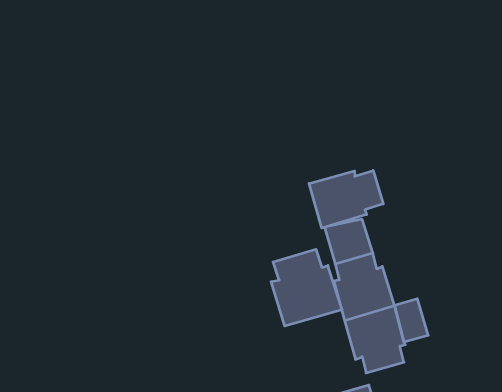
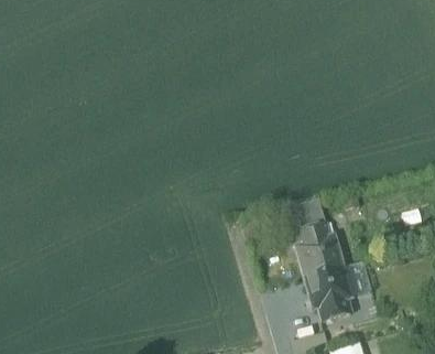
building: [309,170,383,228] -> none
building: [271,249,342,326] -> none

